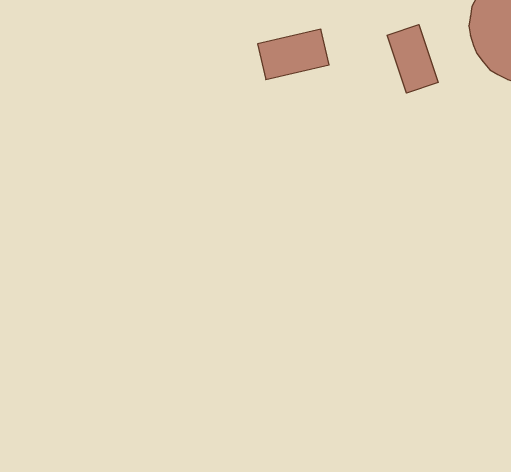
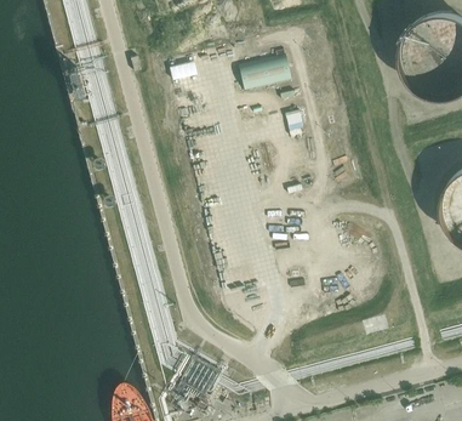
building: [387,25,438,93] -> none

